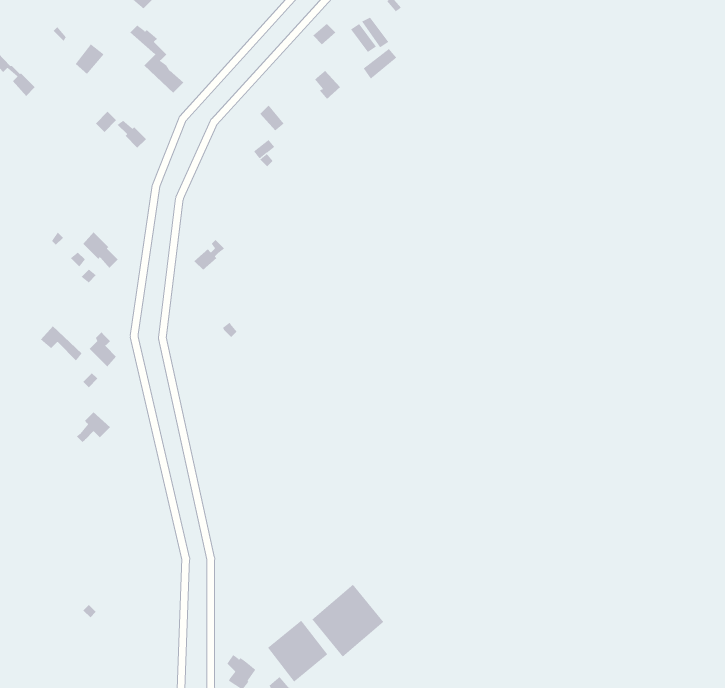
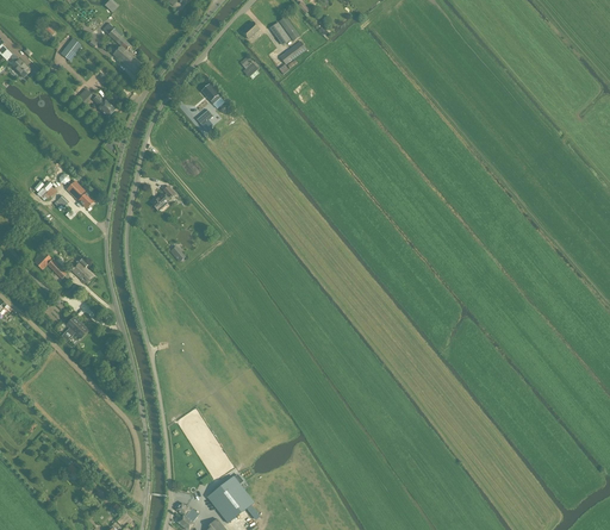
building: [312,584,384,657] -> none

